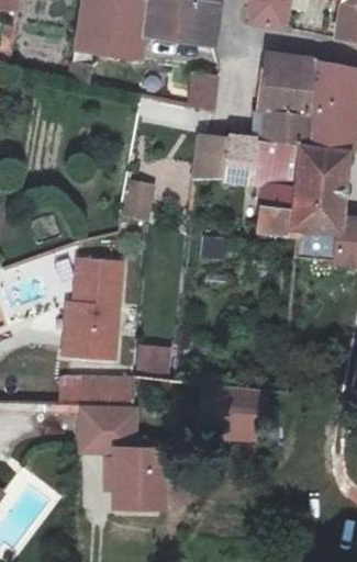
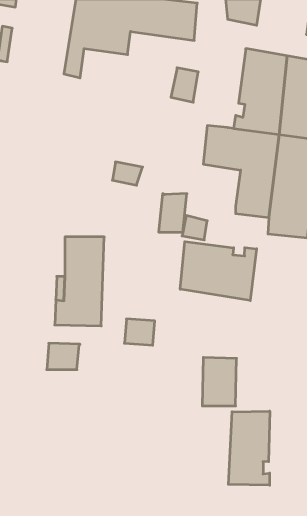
building: [198,137,228,179] -> [159,194,187,232]
building: none -> [180,242,257,301]
building: [87,375,134,404] -> none
building: [81,408,166,510] -> none
building: none -> [228,411,270,485]

